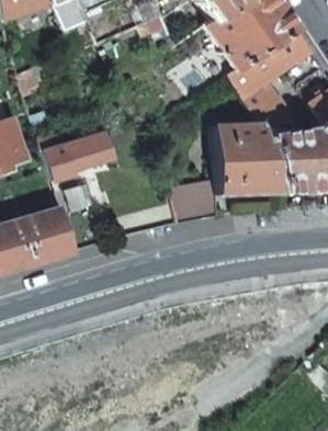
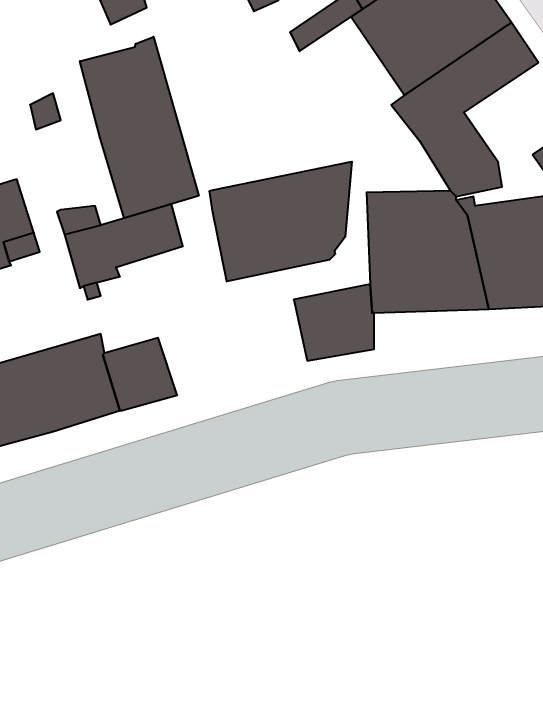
building: none -> [80,37,199,218]
building: none -> [209,162,352,282]

